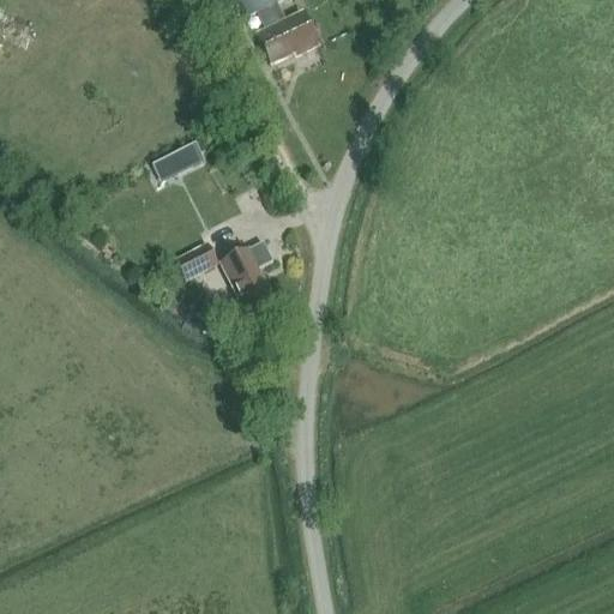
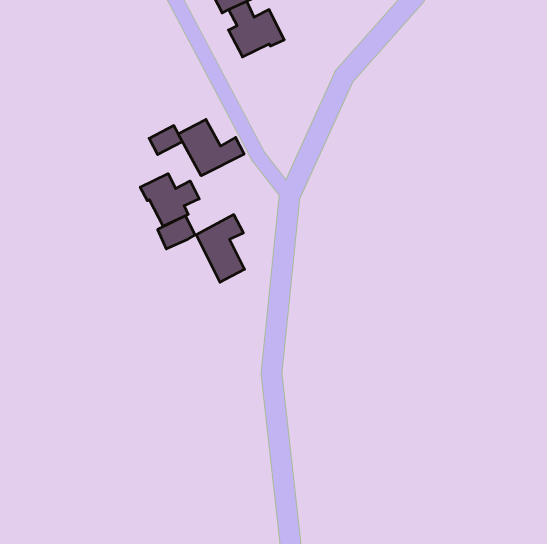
building: none -> [178,119,244,176]
building: none -> [140,174,199,226]

